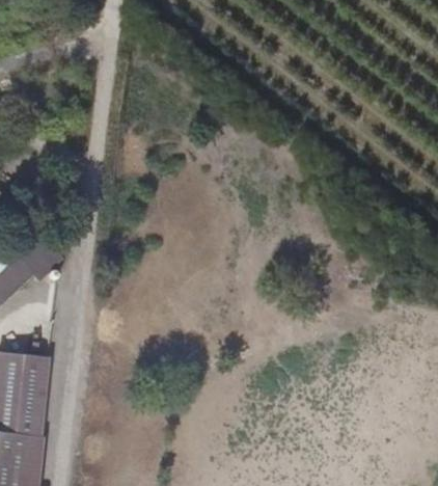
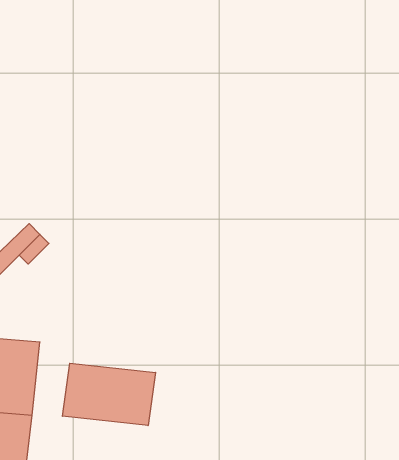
building: none -> [62,363,156,426]

